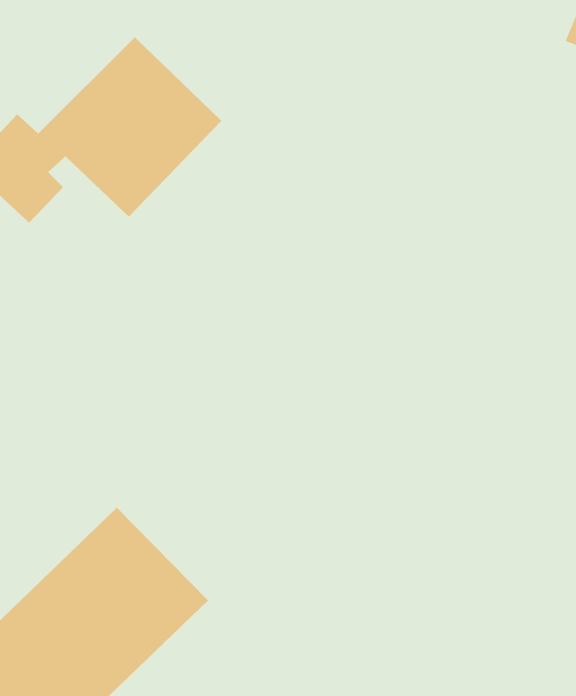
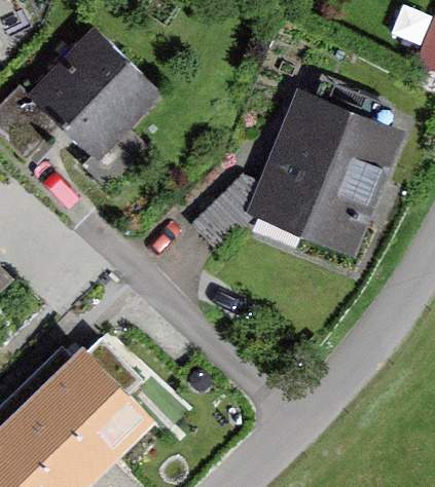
building: none -> [266,95,392,246]

